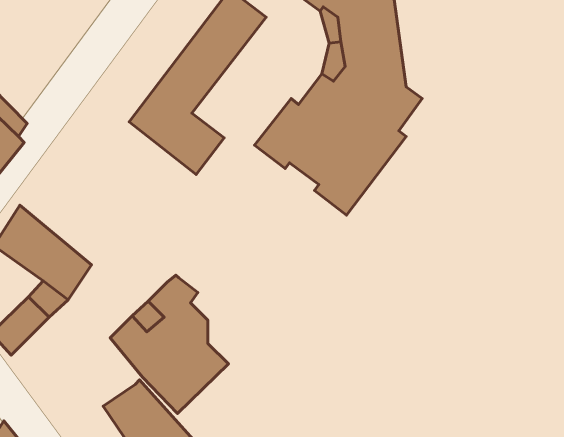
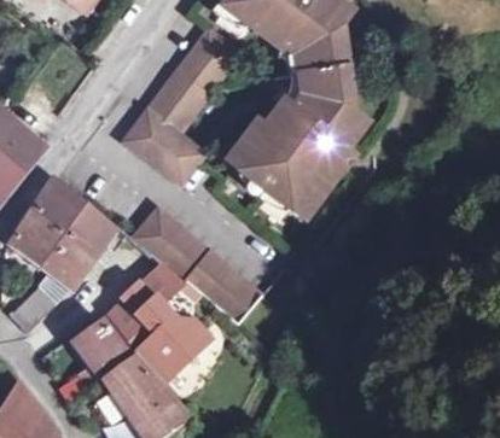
building: none -> [33,177,112,258]
building: none -> [132,209,260,323]
building: none -> [75,320,128,381]

